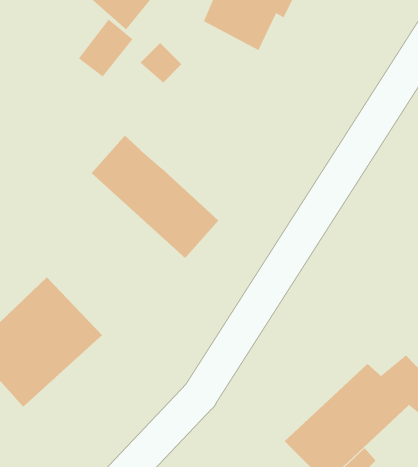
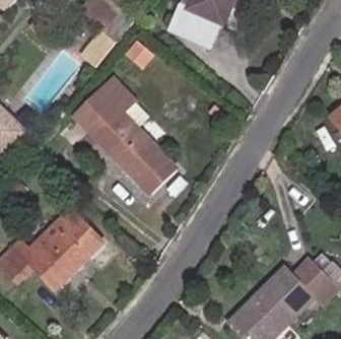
building: none -> [77,82,150,133]

